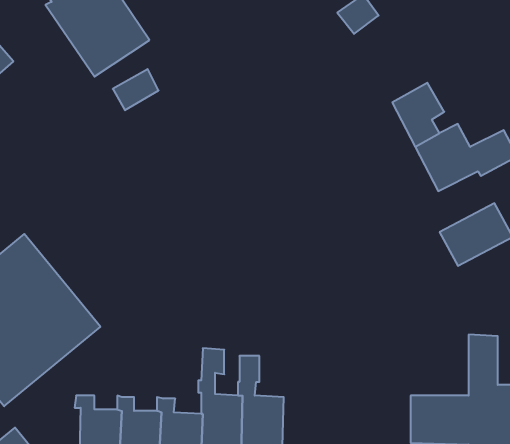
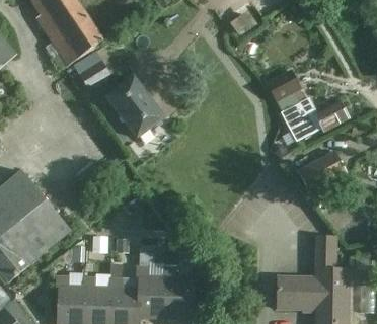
building: none -> [107,77,163,137]

